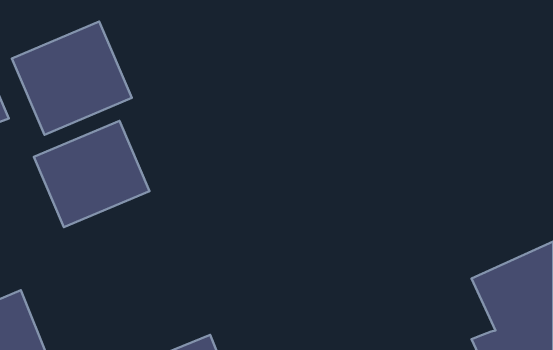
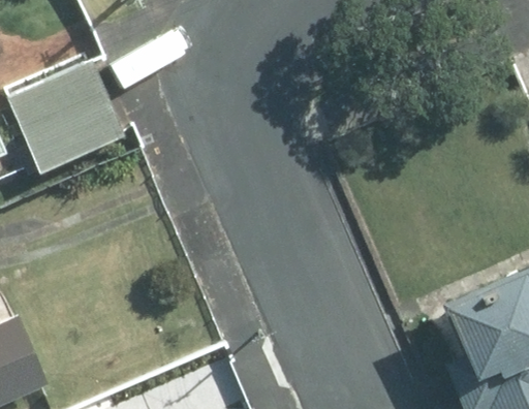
building: [34,121,150,227] -> none

